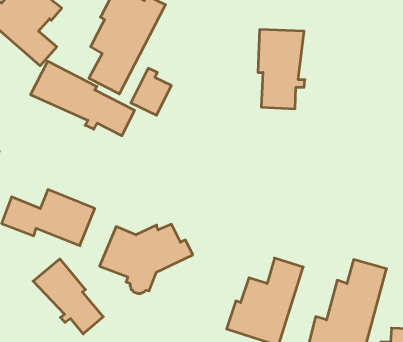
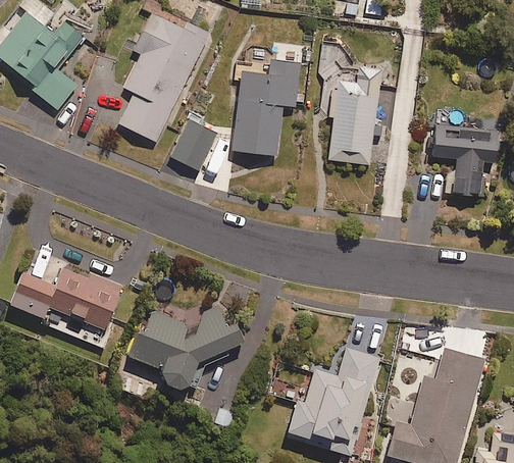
building: none -> [230,41,310,155]
building: [31,61,134,136] -> none
building: none -> [428,126,495,198]
building: [33,259,103,334] -> none

